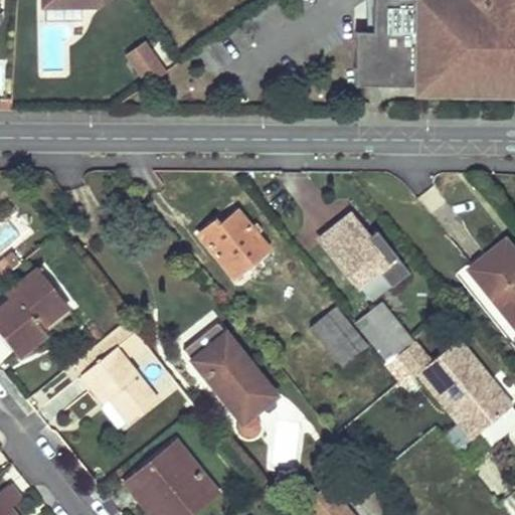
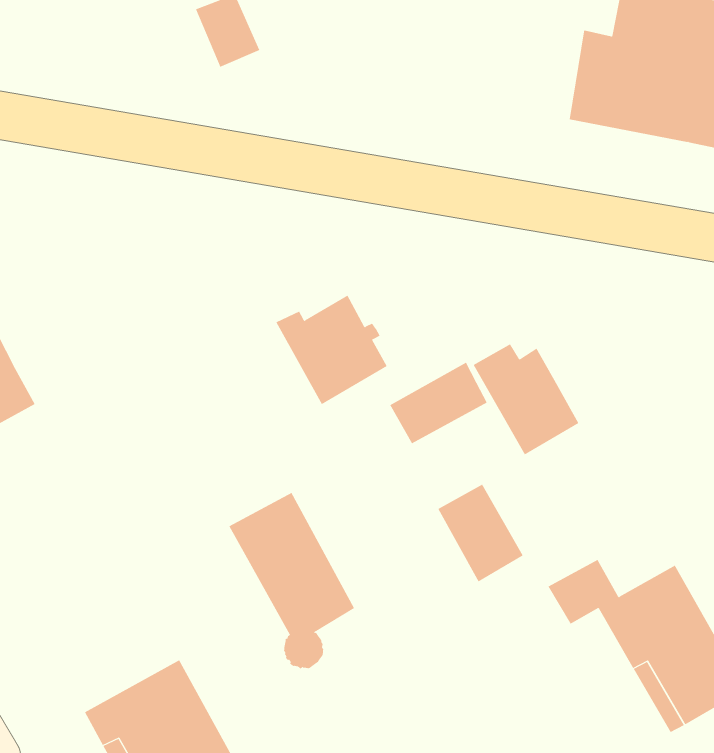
building: none -> [390,362,488,444]
building: [357,304,414,363] -> none
building: [76,319,156,420] -> none

